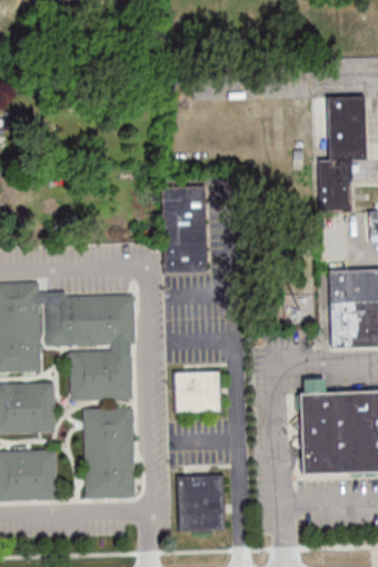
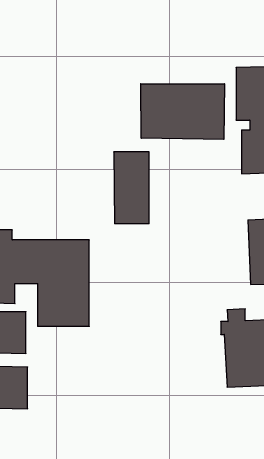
building: none -> [141,84,224,139]
building: [176,369,221,412] -> none
building: [83,408,135,498] -> none
building: [178,474,225,530] -> none

